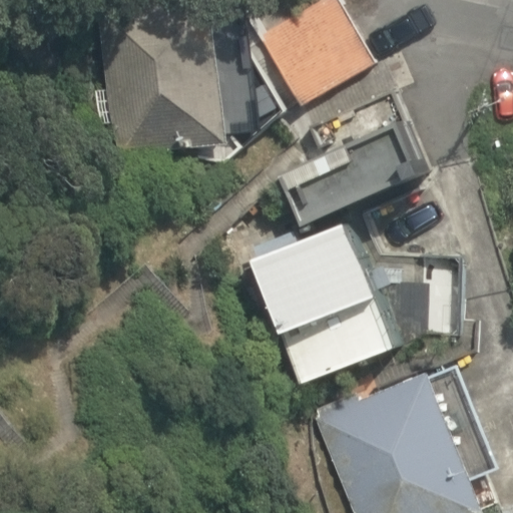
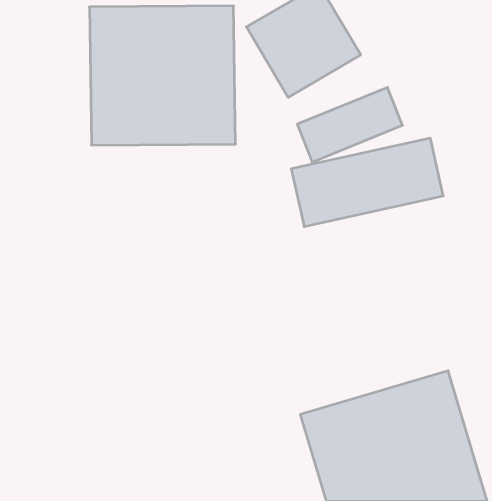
building: [265,229,450,387] -> none

